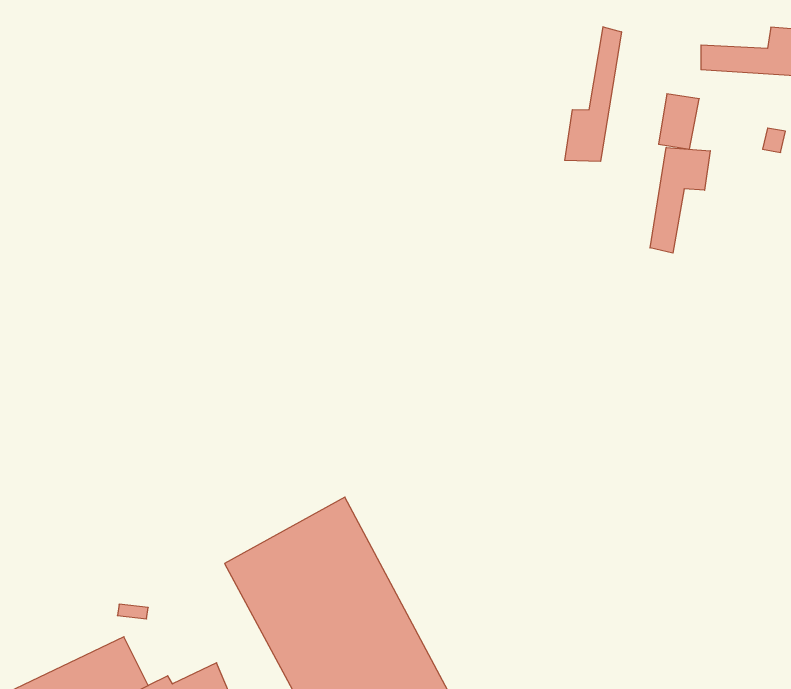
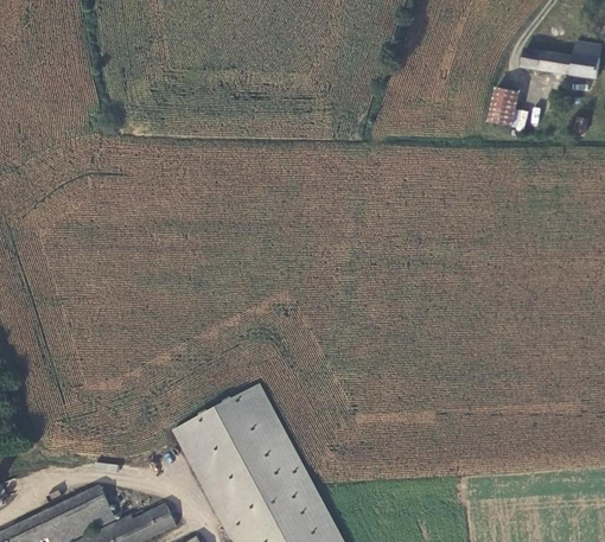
building: [565,27,621,161] -> none
building: [650,147,710,253] -> none

